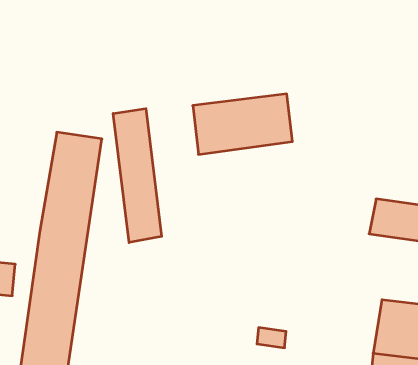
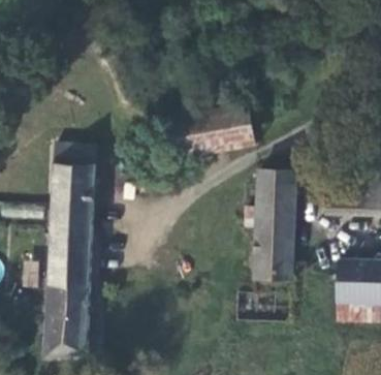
building: [113,109,162,243] -> none
building: none -> [246,165,294,278]

